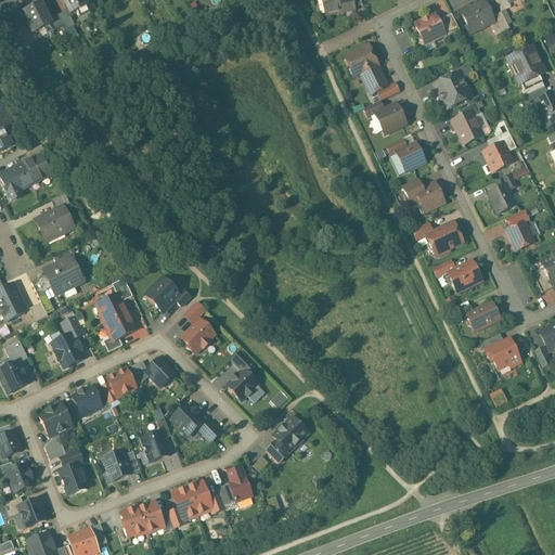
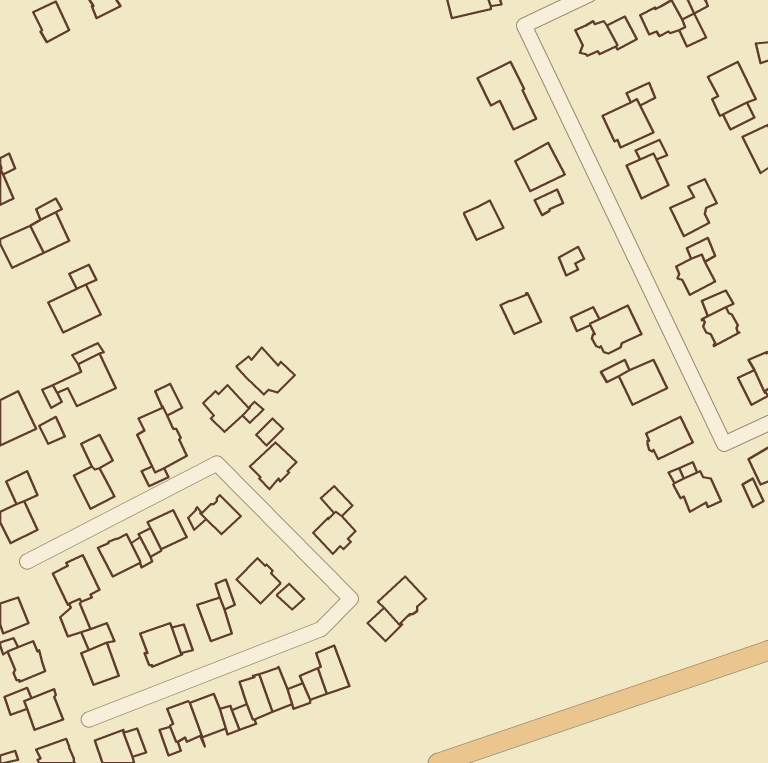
building: [397,142,425,170] -> [464,201,503,240]
building: [415,181,444,210] -> [501,293,541,334]
building: none -> [237,348,295,394]

